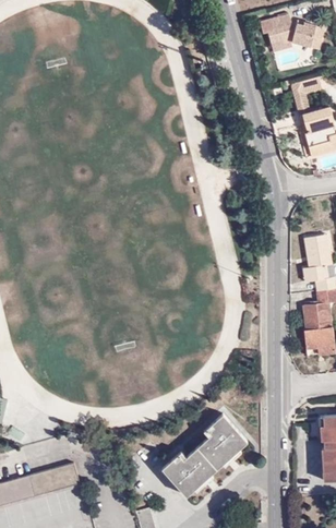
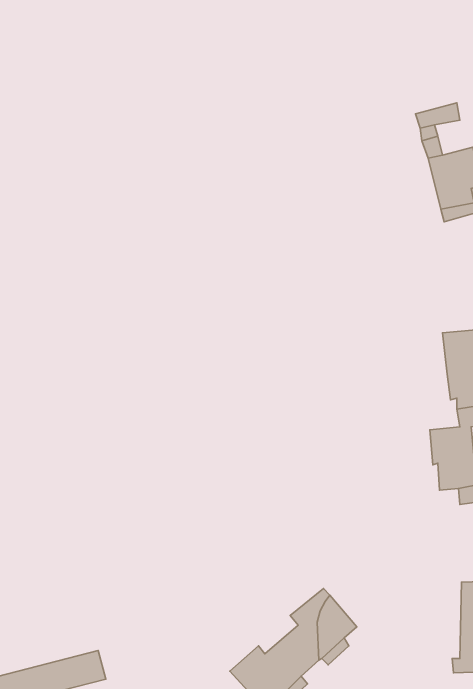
building: [260,15,324,53] -> none

